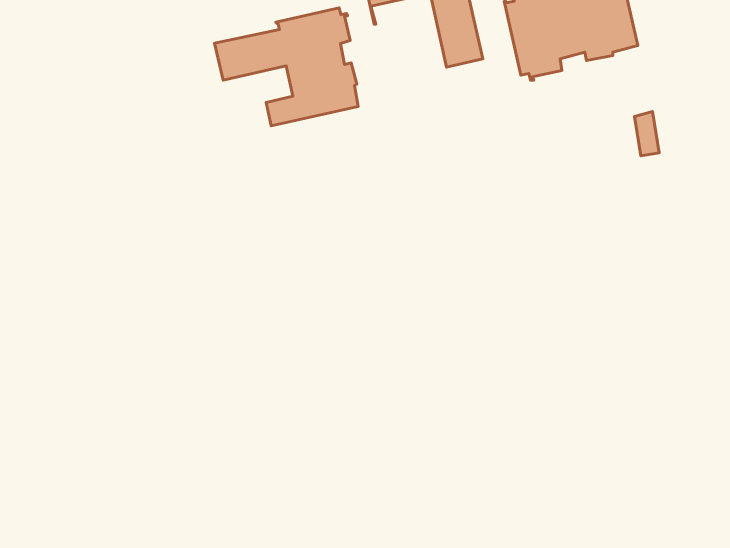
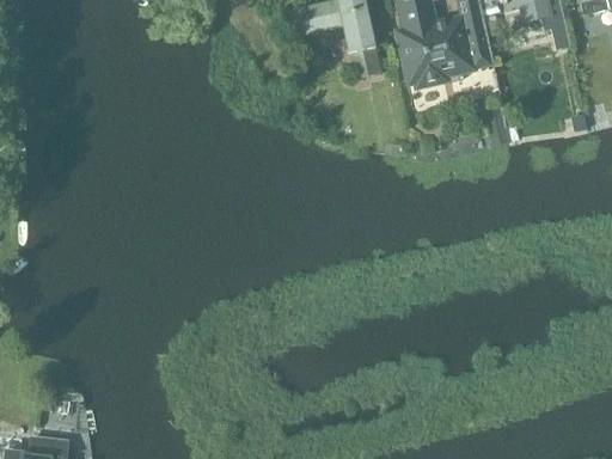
building: [215,8,358,126] -> none

